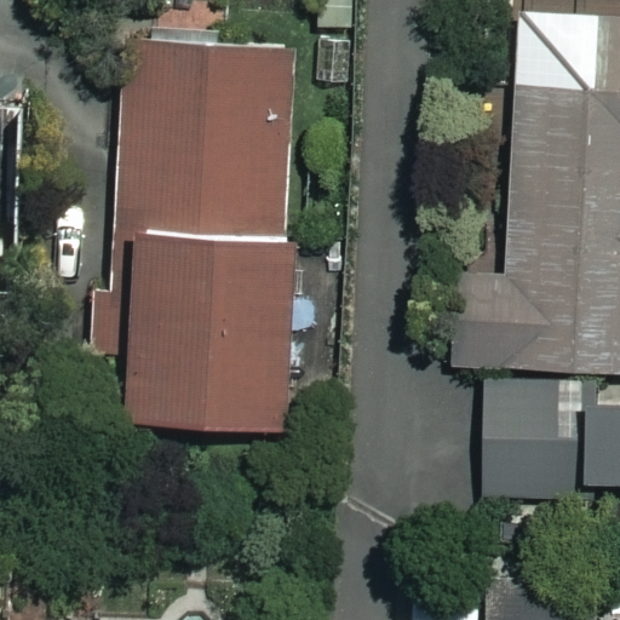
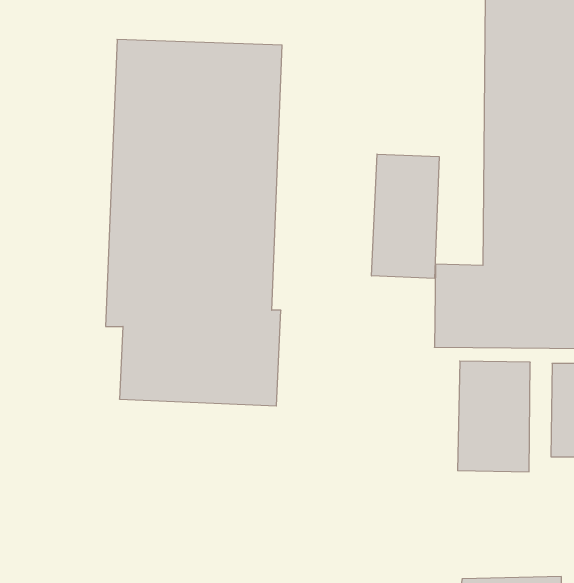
building: none -> [372,154,439,278]

